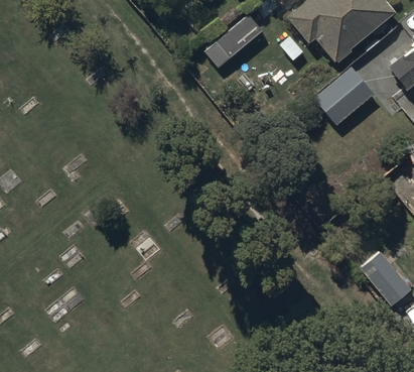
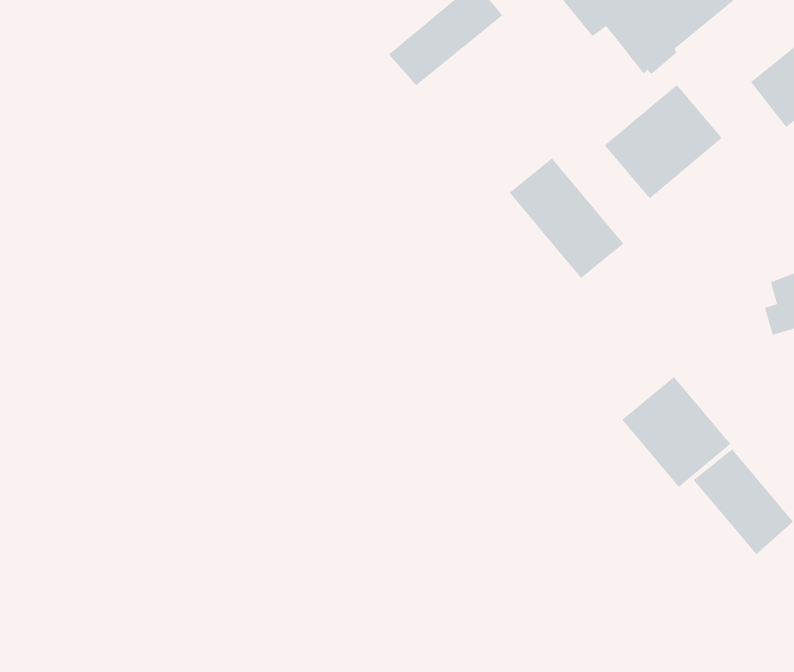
building: none -> [509,157,624,279]
building: none -> [622,376,731,488]

